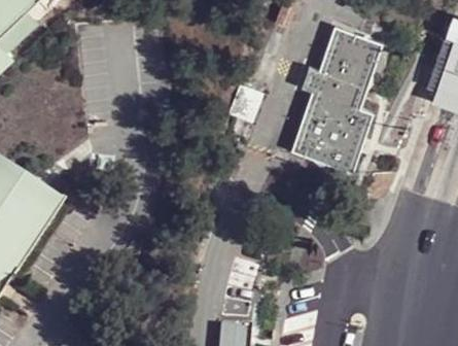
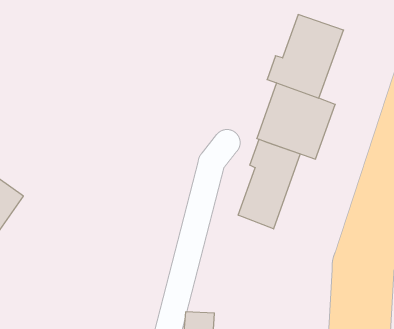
building: none -> [238,139,300,229]

